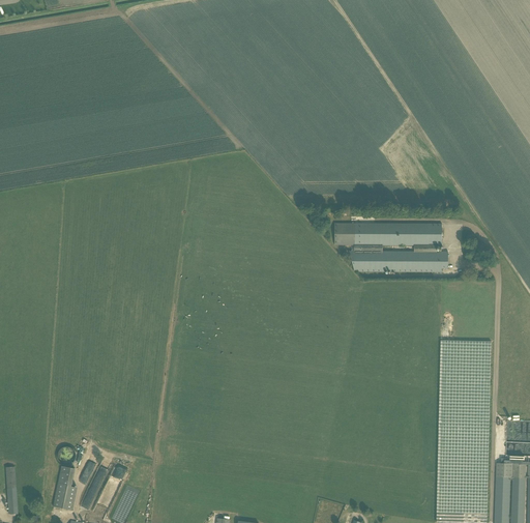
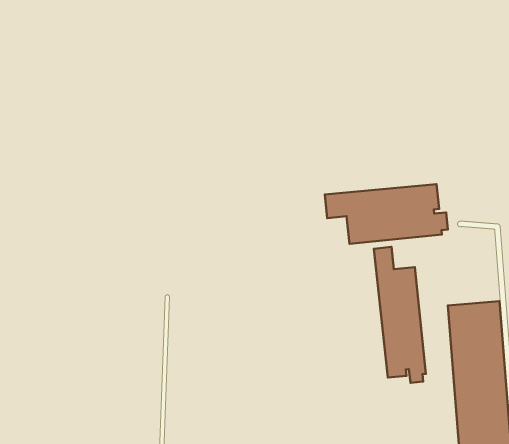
building: none -> [374,247,426,383]

